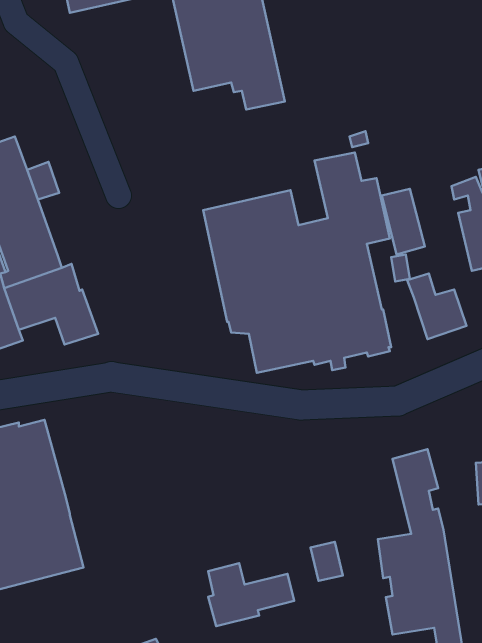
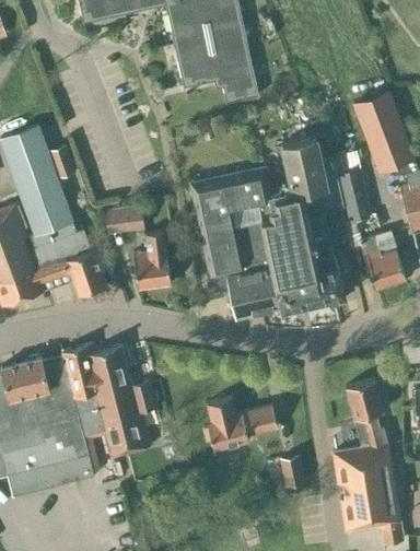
building: none -> [353,90,412,169]
building: none -> [103,203,143,233]
building: none -> [132,231,170,288]
building: none -> [61,343,154,456]
building: [208,563,294,626] -> [206,396,276,447]

